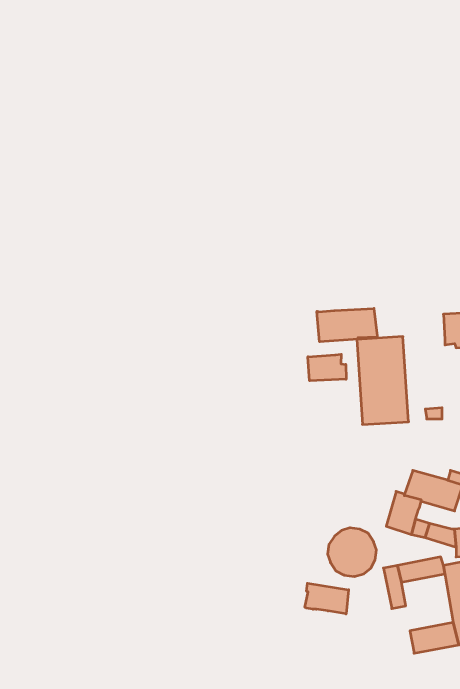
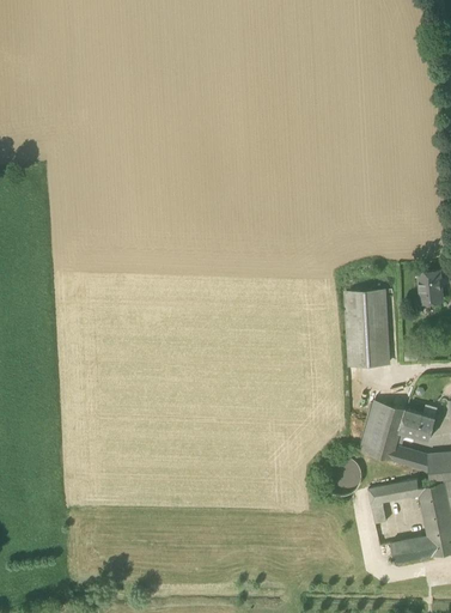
building: [317,308,377,342] -> none
building: [308,354,346,381] -> none
building: none -> [360,399,392,453]
building: [305,583,349,614] -> none

